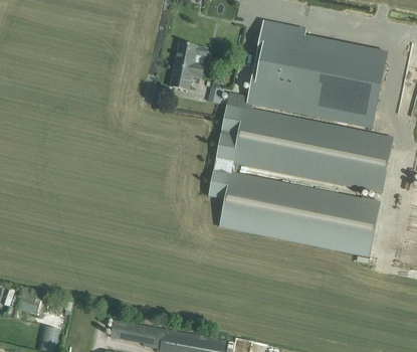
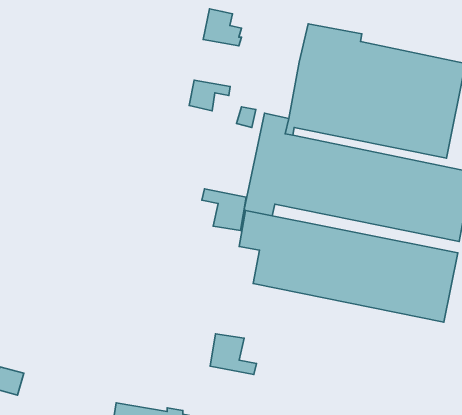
building: [174,41,204,70] -> [203,9,241,46]
building: none -> [202,189,246,230]
building: none -> [210,334,256,375]

